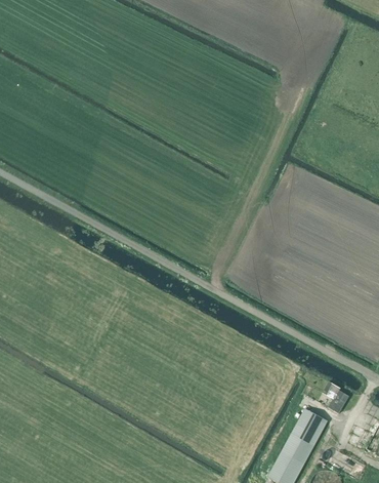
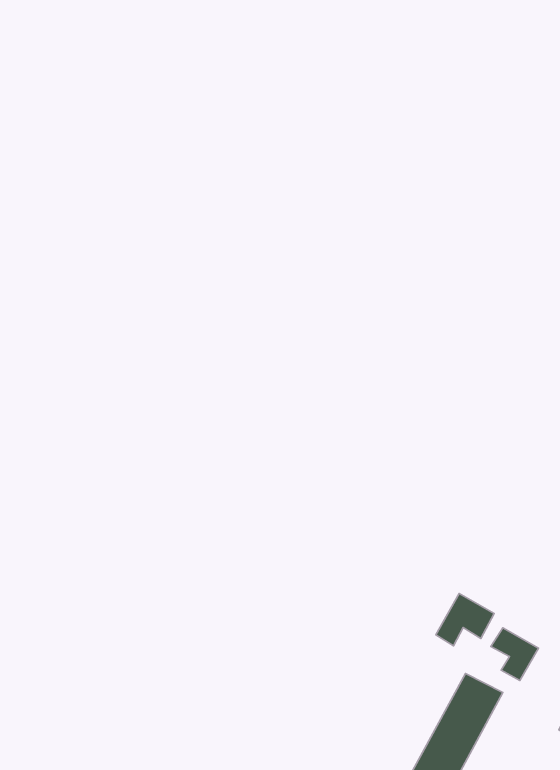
building: none -> [436,593,494,646]

